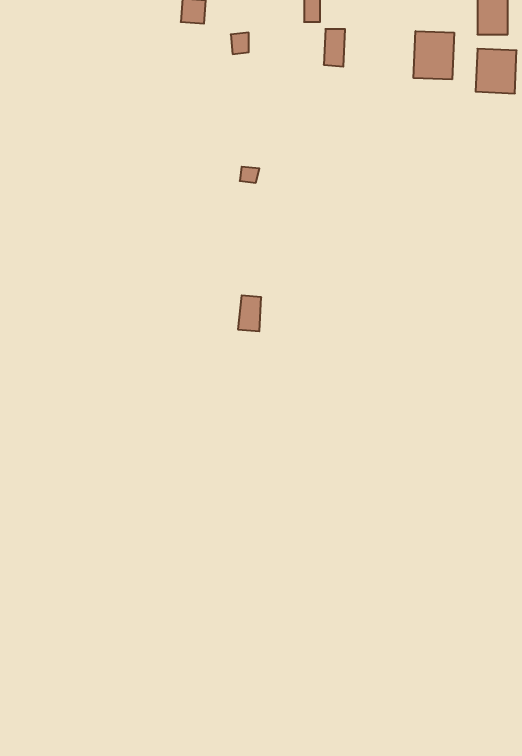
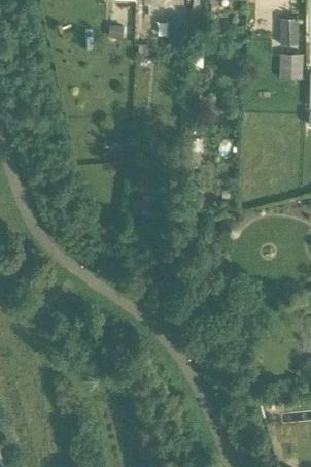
building: [414,31,454,79] -> none

